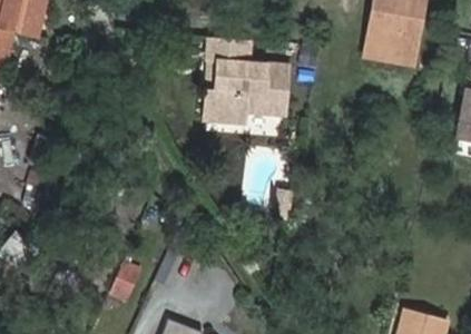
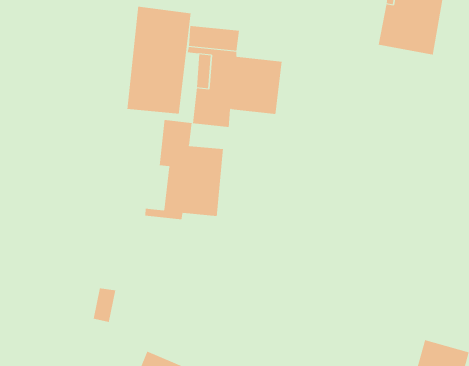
building: none -> [127,6,191,115]
building: none -> [145,119,224,220]

